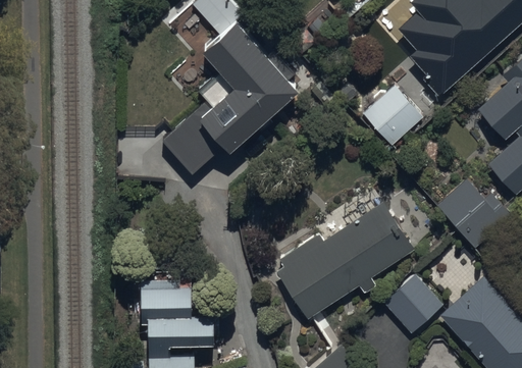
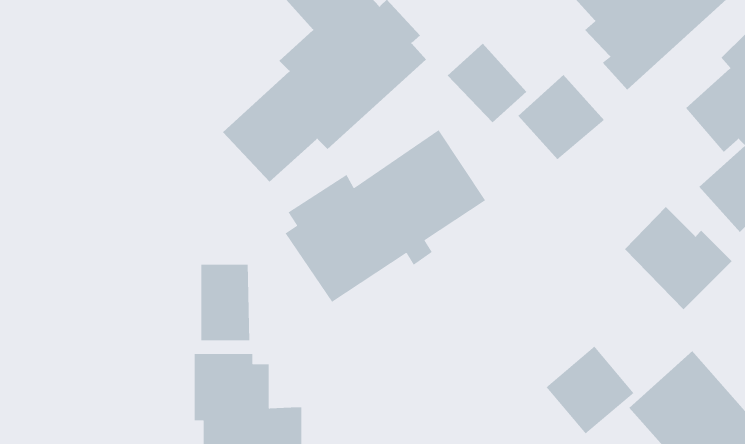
building: none -> [447,43,527,123]
building: [276,202,415,321] -> [284,129,486,303]
building: none -> [200,264,250,341]

